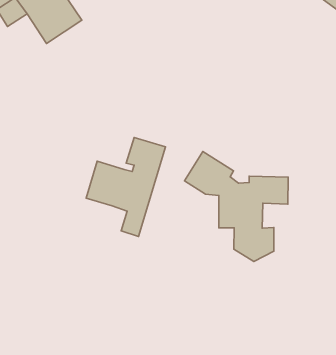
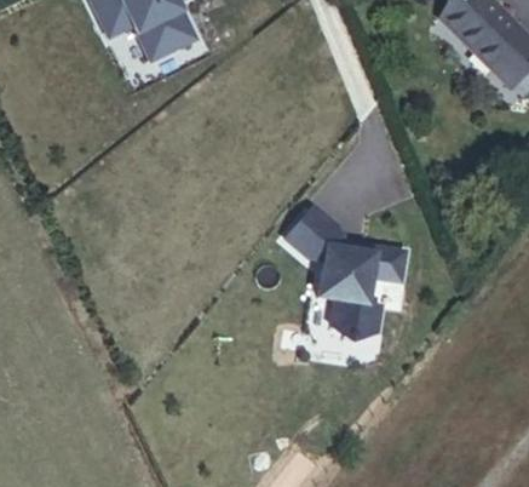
building: [86,137,165,236] -> none

